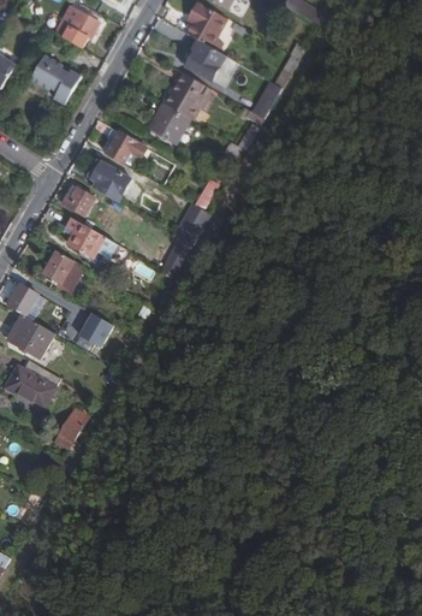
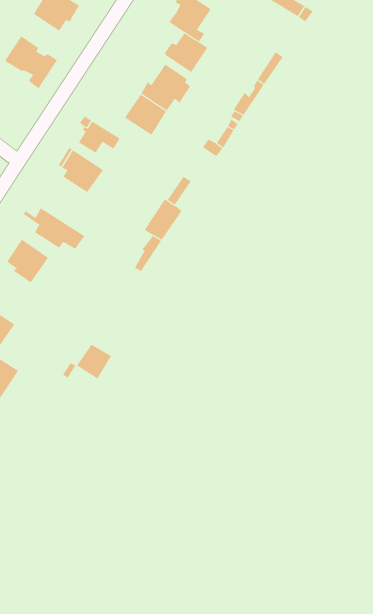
building: [60,188,95,217] -> none
building: [78,314,112,348] -> [76,344,112,379]
building: [54,408,88,449] -> none

